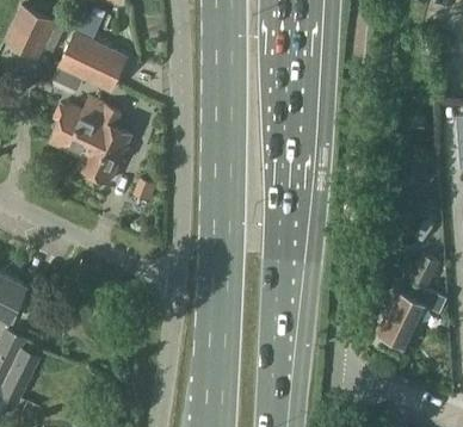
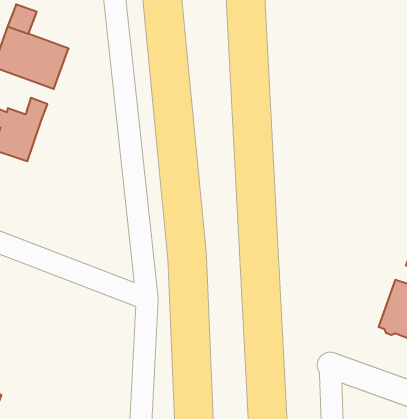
building: [79,105,132,184] -> none

